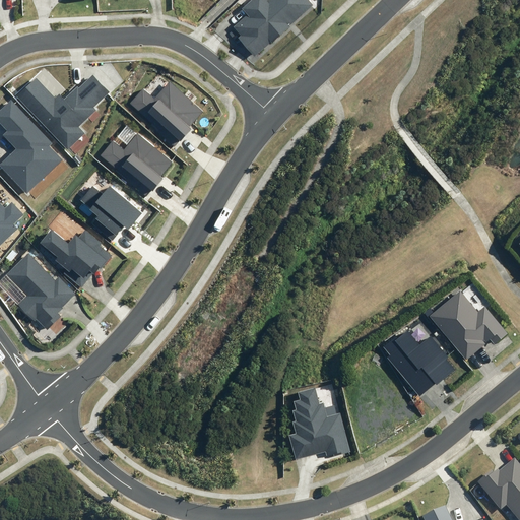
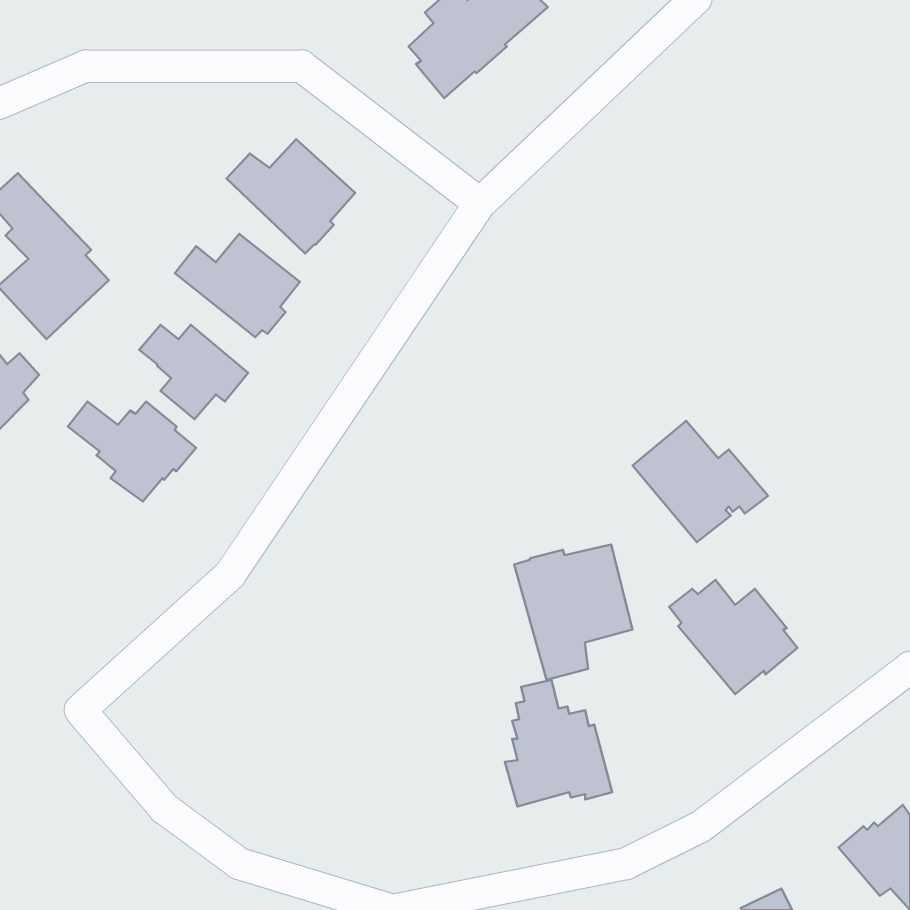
building: [16,73,109,147] -> none
building: [5,252,75,329] -> none
building: [429,289,506,359] -> [633,421,768,542]
building: none -> [514,544,632,680]

